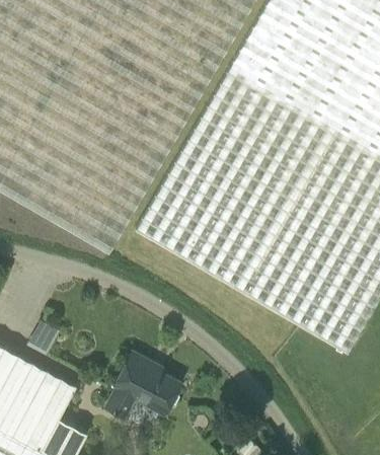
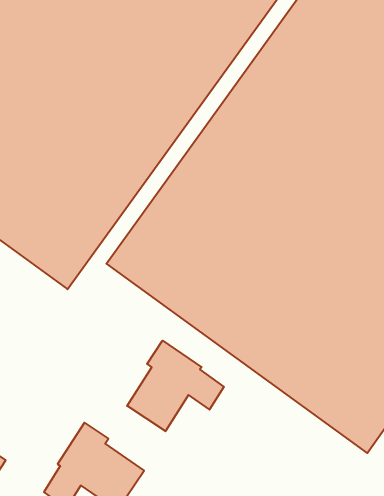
building: none -> [127,341,224,431]

